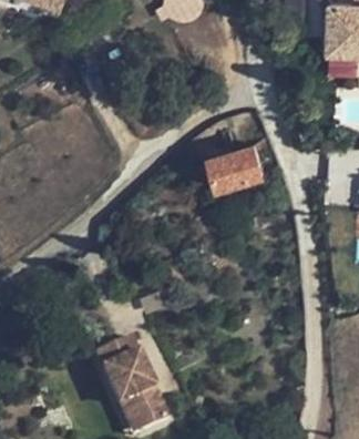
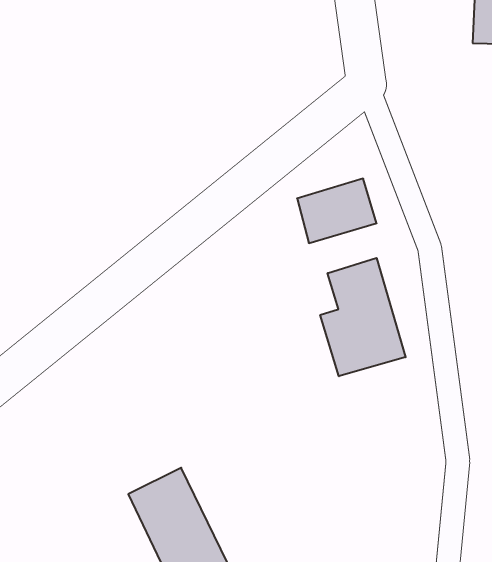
building: none -> [320,258,406,376]

